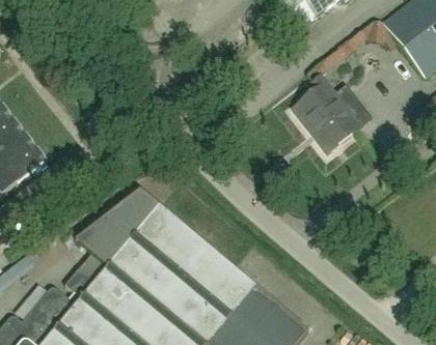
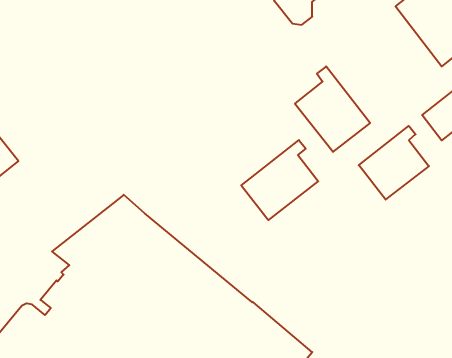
building: none -> [359,126,429,200]
building: none -> [241,140,318,220]

